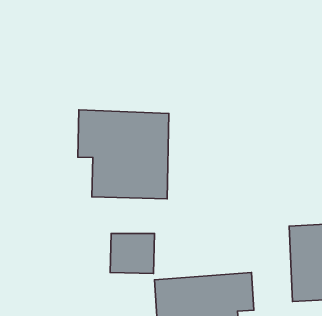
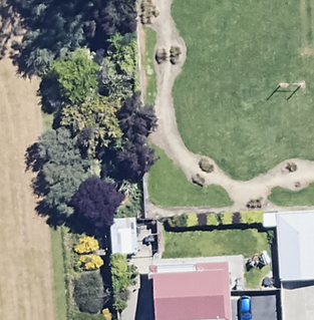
building: [78,110,169,199] -> none

